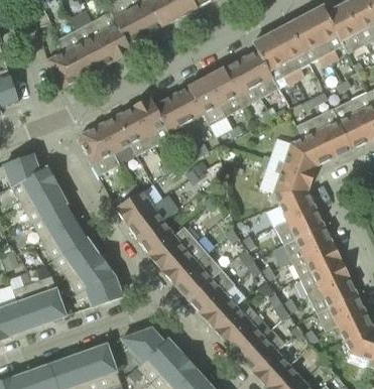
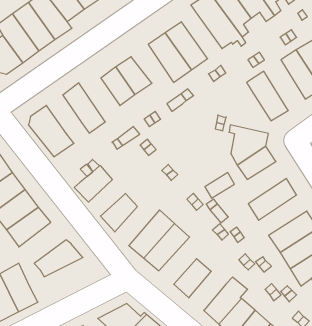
building: [240,49,276,97] -> none
building: [186,76,225,124] -> none
building: [132,96,171,146] -> none
building: [315,107,352,157] -> none
building: [98,115,130,153] -> none
building: [275,136,316,177] -> none
building: [127,204,164,238] -> none
building: [274,206,324,244] -> none
building: [149,226,196,270] -> none
building: [53,238,101,276] -> none
building: [291,241,340,277] -> none
building: [188,269,235,313] -> none
building: [75,276,122,305] -> none
building: [214,305,252,343] -> none

